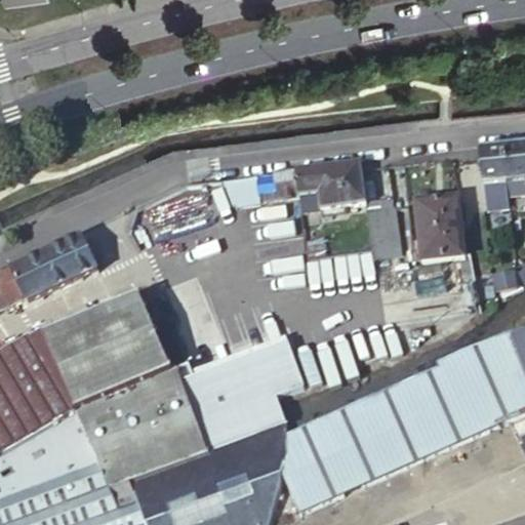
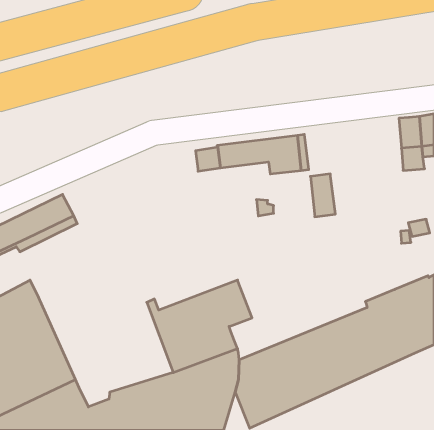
building: [414,196,463,261] -> none
building: [36,291,207,487] -> none

